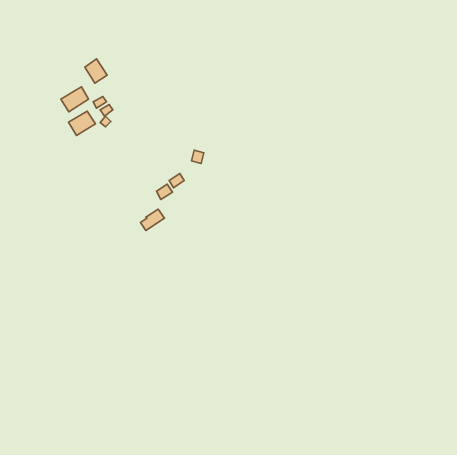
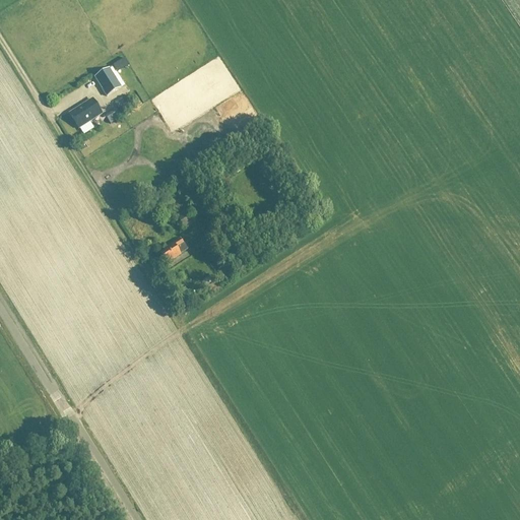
building: [69,111,95,135] -> none

